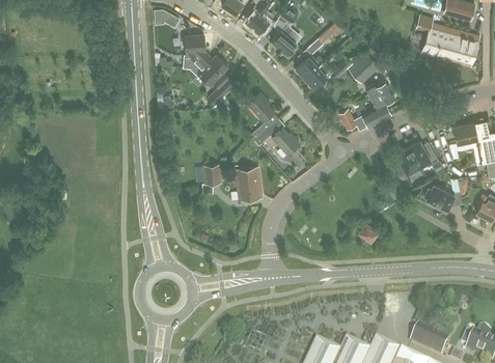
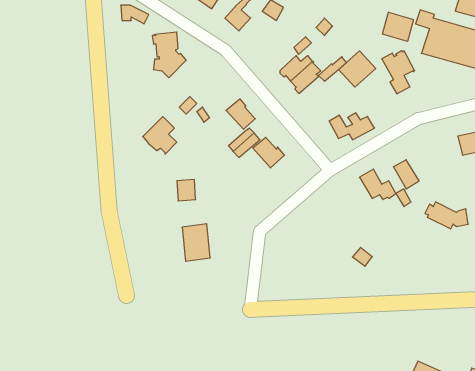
building: none -> [382,12,413,41]
building: [269,24,296,56] -> none
building: [198,55,228,88] -> [143,117,177,154]
building: [365,81,394,119] -> [382,51,415,94]
building: [407,140,439,167] -> [359,169,396,200]
building: [236,167,260,200] -> [182,224,210,261]

